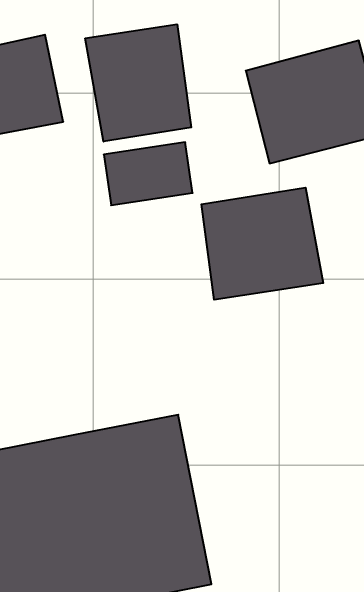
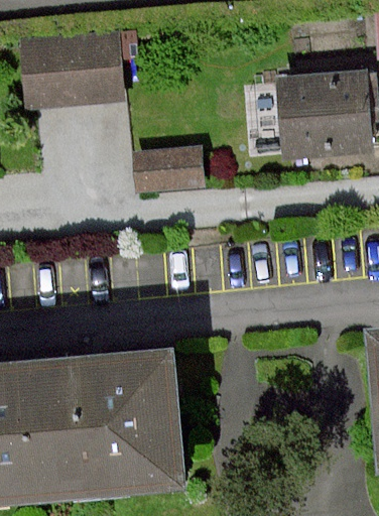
building: [85,24,191,142] -> none
building: [201,188,323,300] -> none

